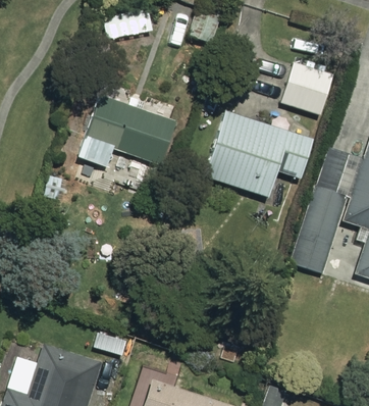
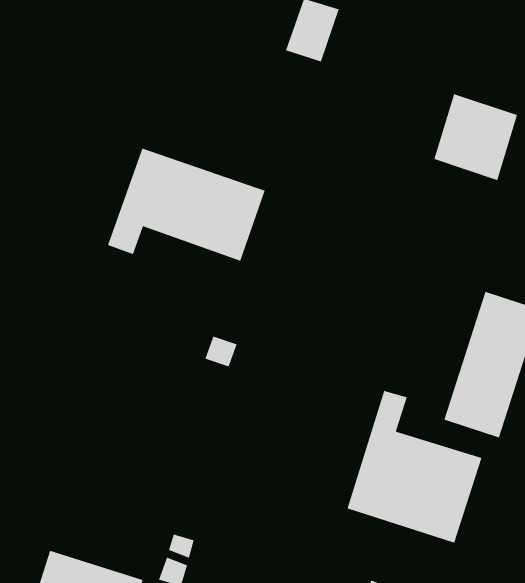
building: [207,111,313,197] -> none
building: none -> [347,390,482,543]

